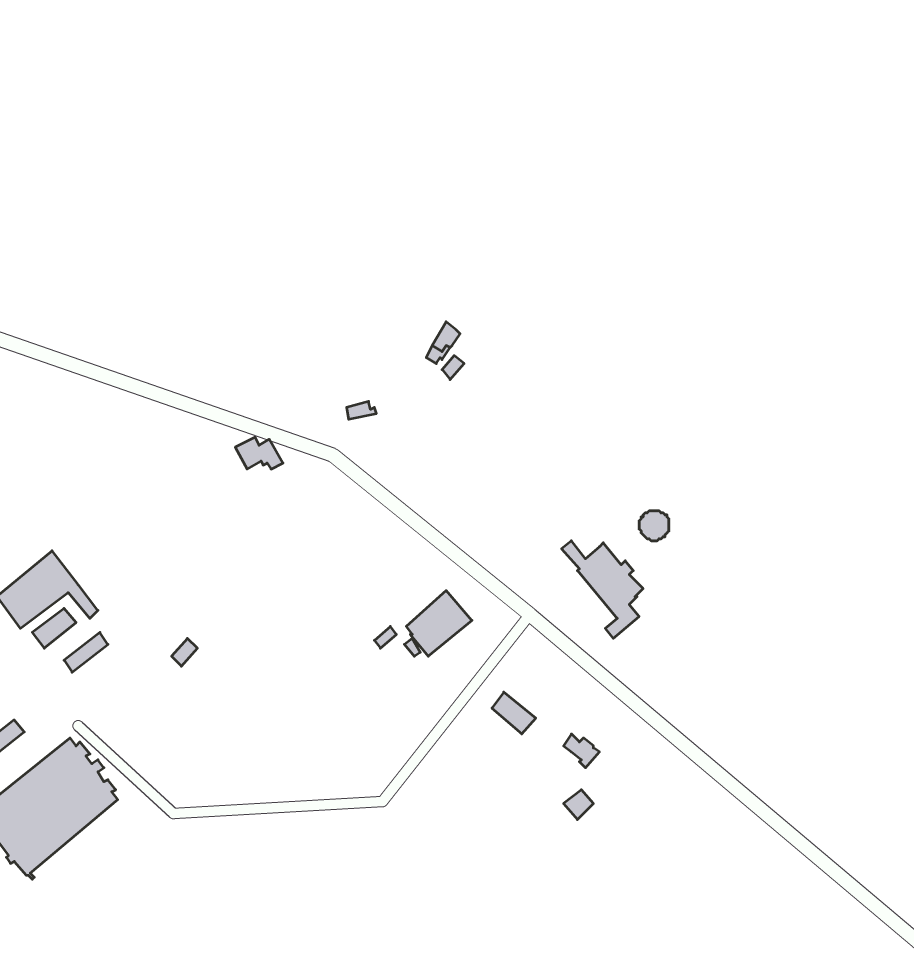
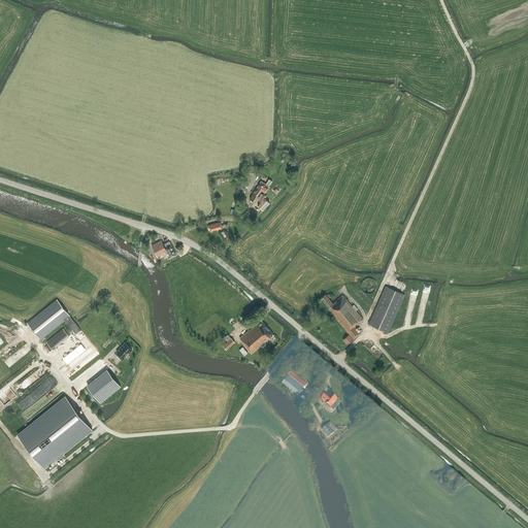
building: none -> [368,288,404,333]
building: none -> [87,365,118,395]

